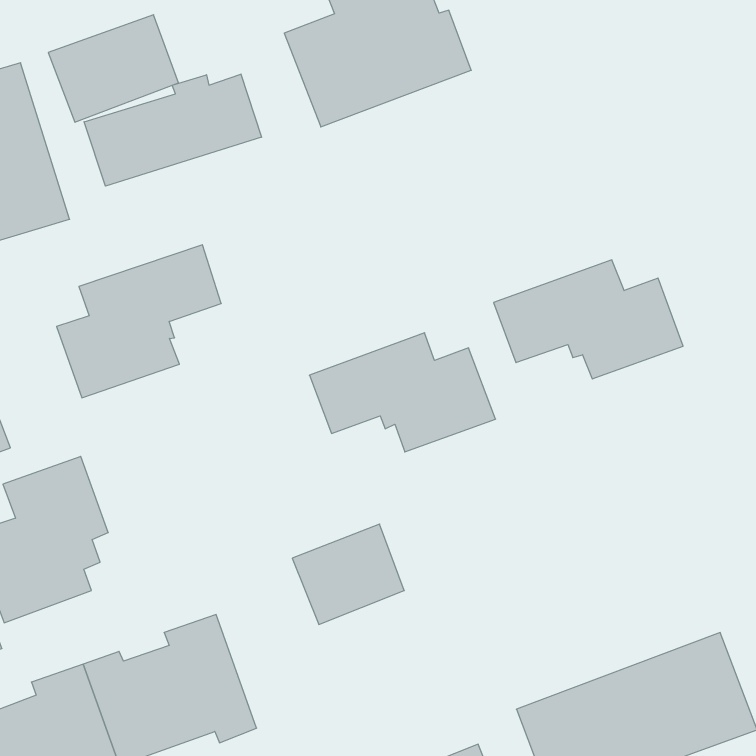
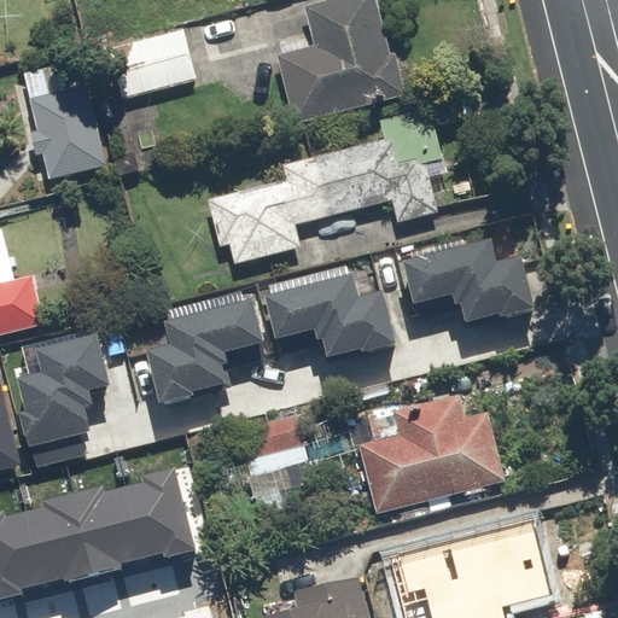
building: [84,74,262,186] -> none
building: none -> [206,138,435,263]
building: [57,245,221,398] -> [145,304,264,403]
building: none -> [357,393,503,513]

